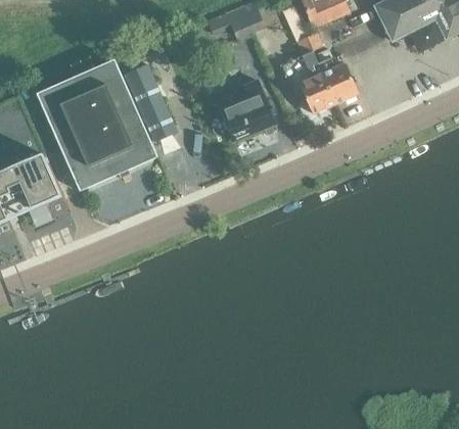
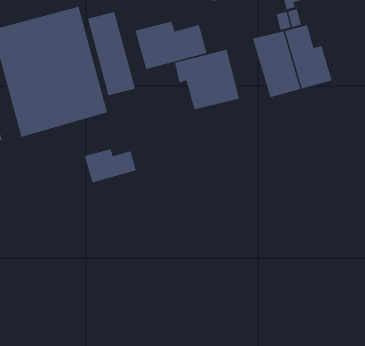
building: none -> [135,21,207,70]
building: none -> [84,148,137,183]

